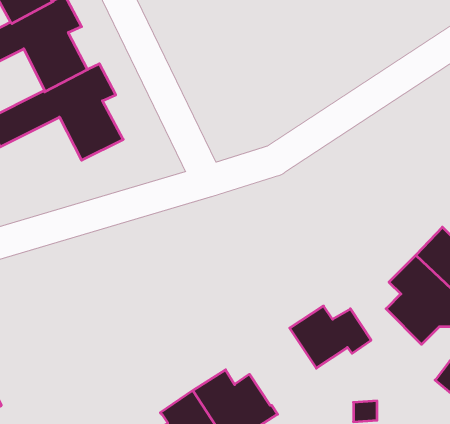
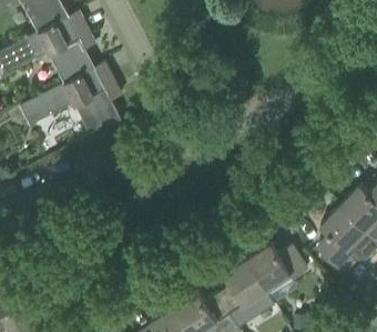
building: none -> [216,260,275,326]

